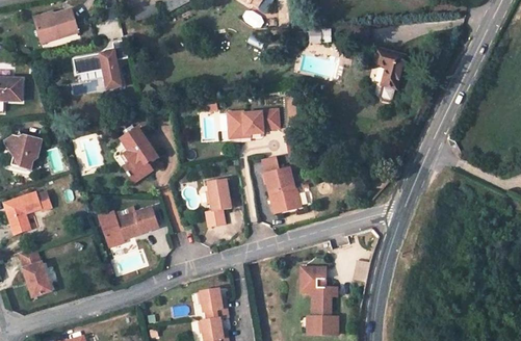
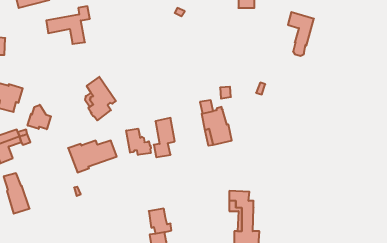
building: [228,108,280,133] -> none
building: none -> [28,105,51,129]
building: none -> [126,129,151,155]

